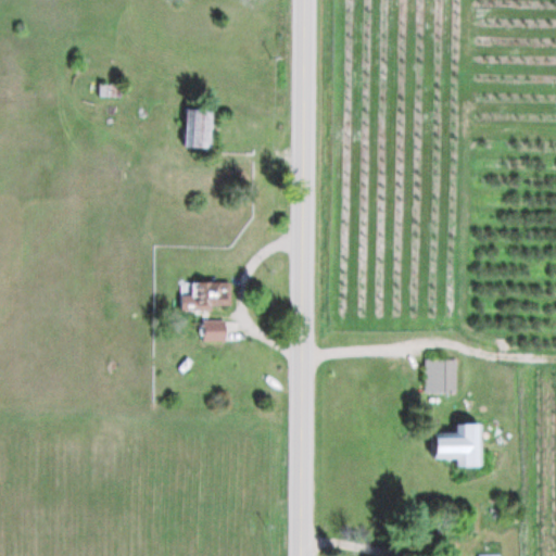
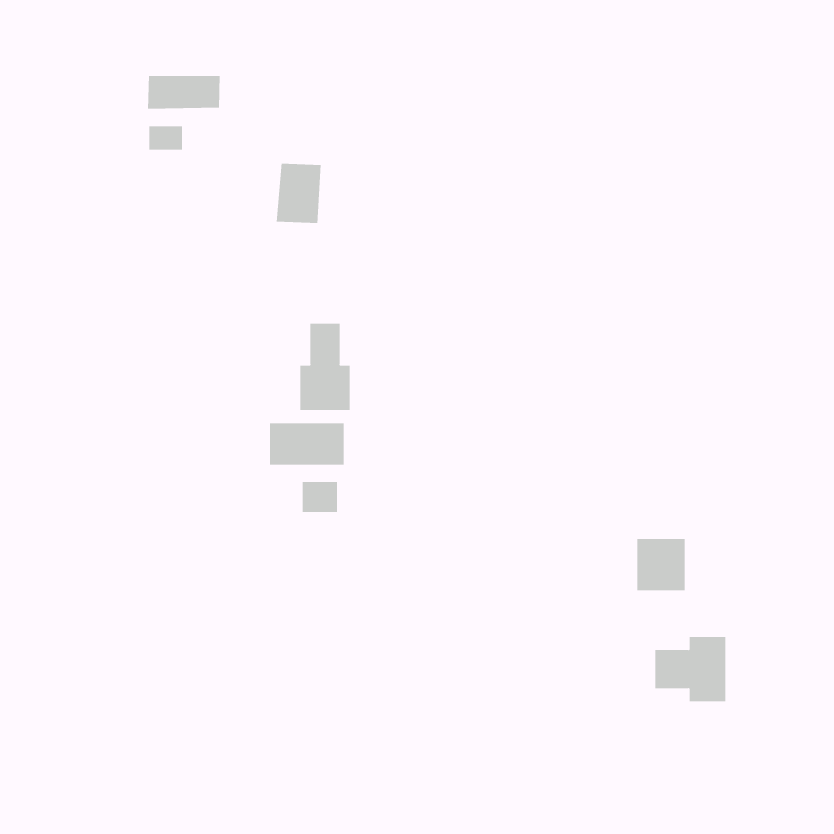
building: none -> [148,75,220,110]
building: none -> [300,323,350,411]

